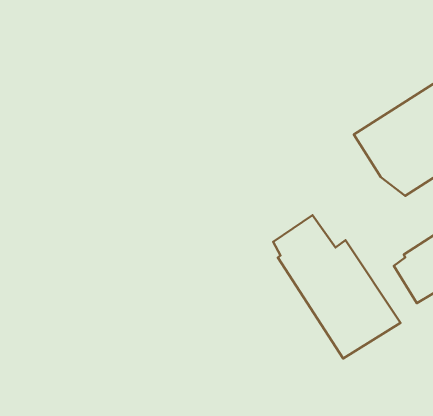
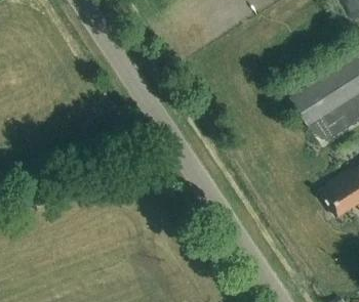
building: [273,215,400,359] -> none

